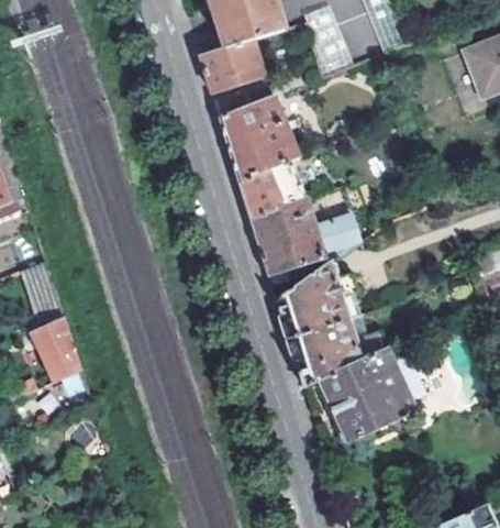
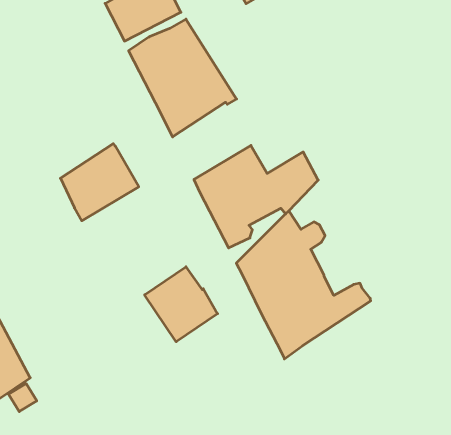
building: [238,160,304,221] -> [60,144,139,221]
building: none -> [145,267,218,342]
building: [320,348,421,443] -> none

